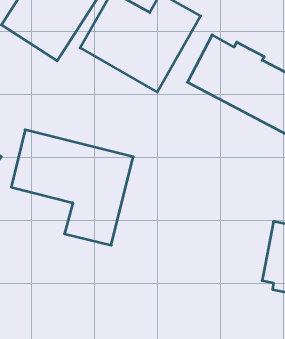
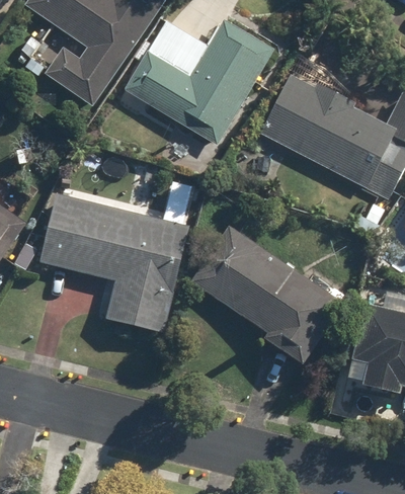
building: none -> [190,224,343,364]

